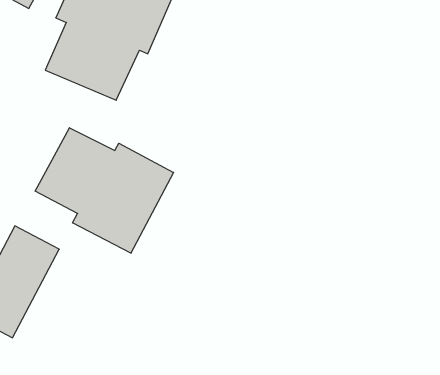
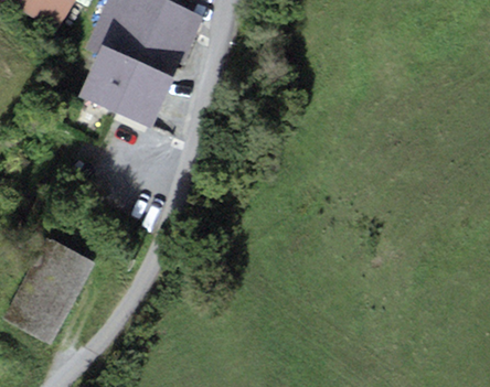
building: [35,128,174,253] -> none

